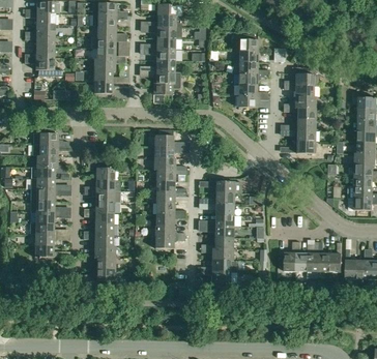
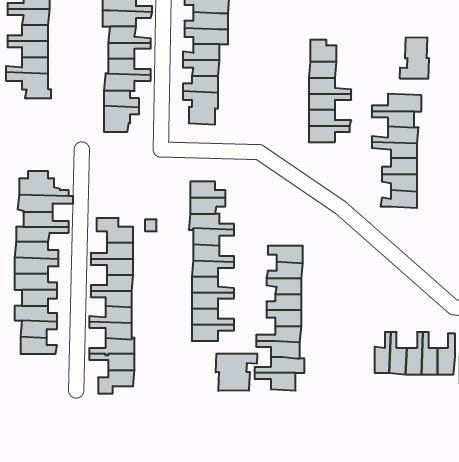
building: none -> [400,37,429,79]
building: none -> [216,354,257,391]

